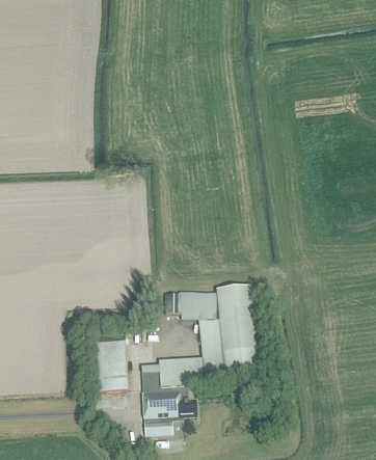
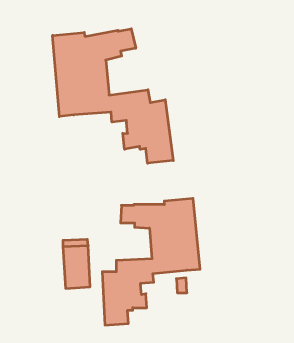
building: none -> [53,29,173,163]

